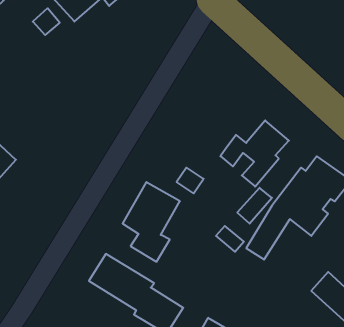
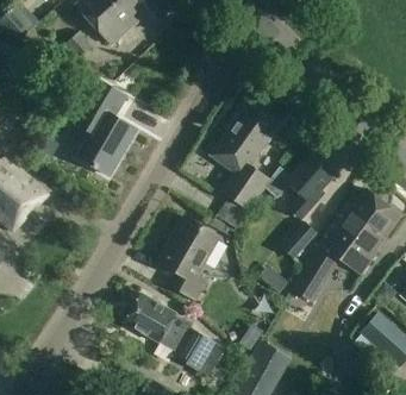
building: none -> [70,80,138,176]
building: none -> [206,100,282,212]

